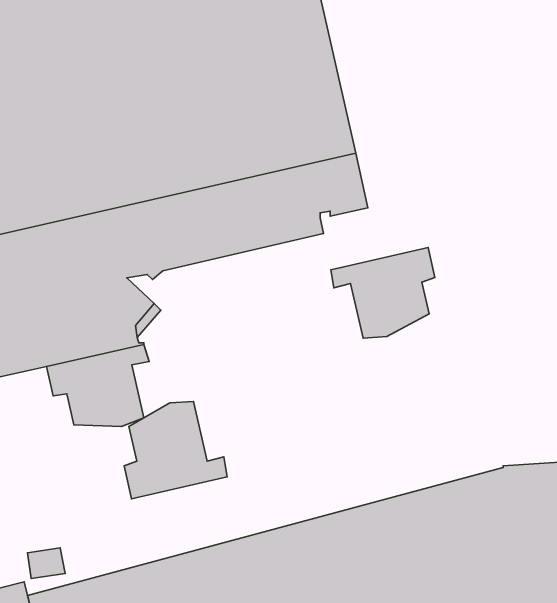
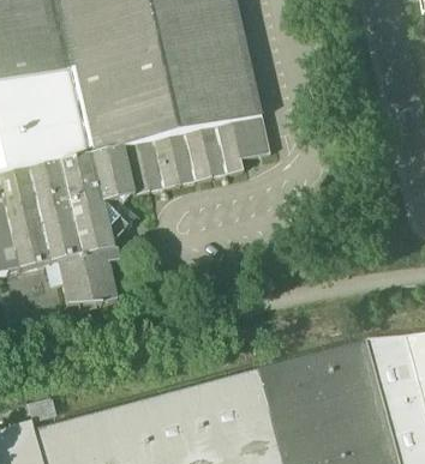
building: [331,248,435,338] -> none
building: [124,401,227,499] -> none

